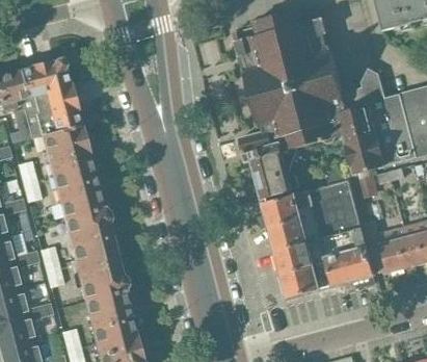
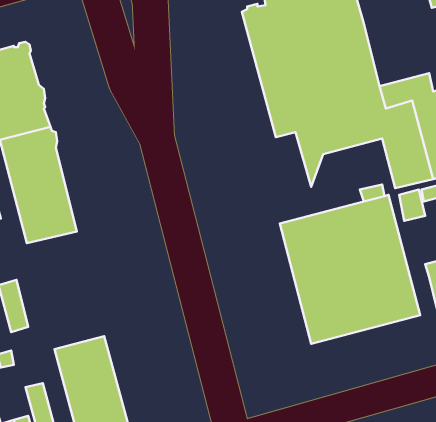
building: [240,129,299,199] -> none
building: [63,208,128,302] -> none

